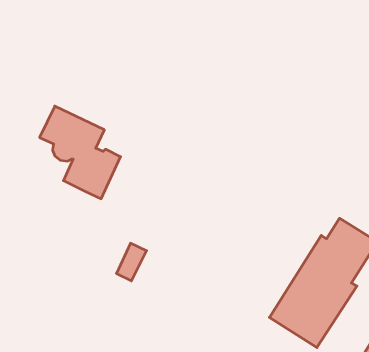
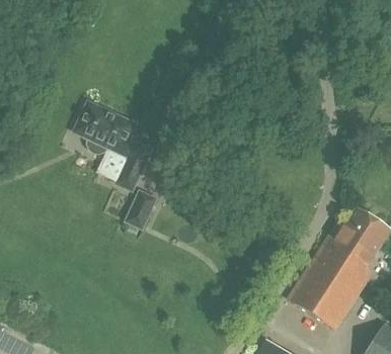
building: [116,243,147,281] -> [127,189,155,225]

